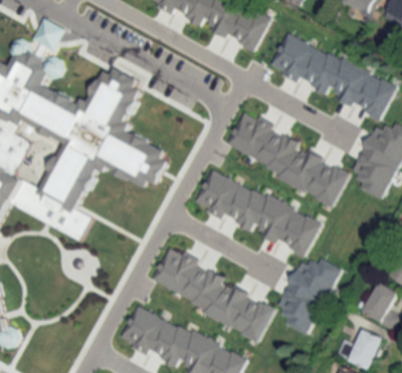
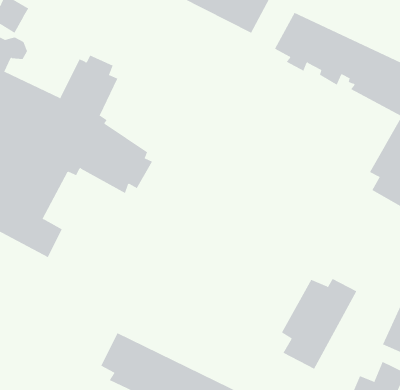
building: [226,110,348,202] -> none
building: [197,173,321,260] -> none
building: [151,249,274,344] -> none

